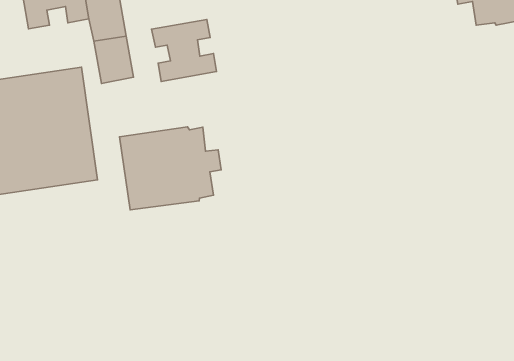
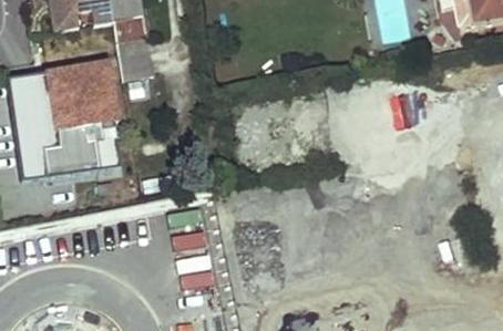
building: [152,19,217,81] -> none
building: [120,127,221,210] -> none

